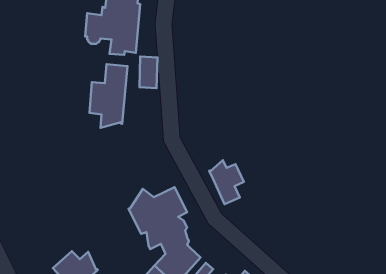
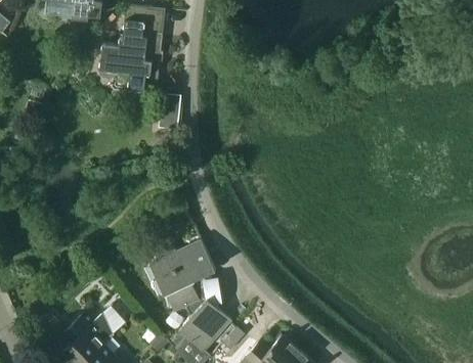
building: [89,64,128,128] -> none
building: [209,160,244,204] -> none

